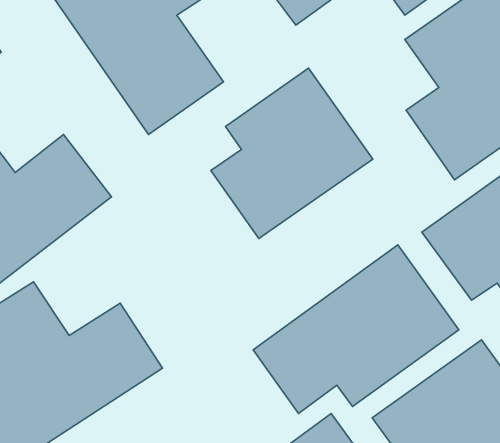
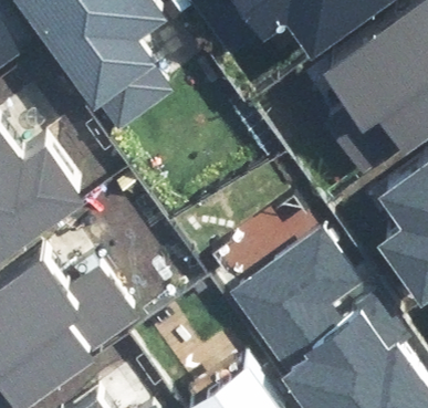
building: [211,68,373,238] -> none

